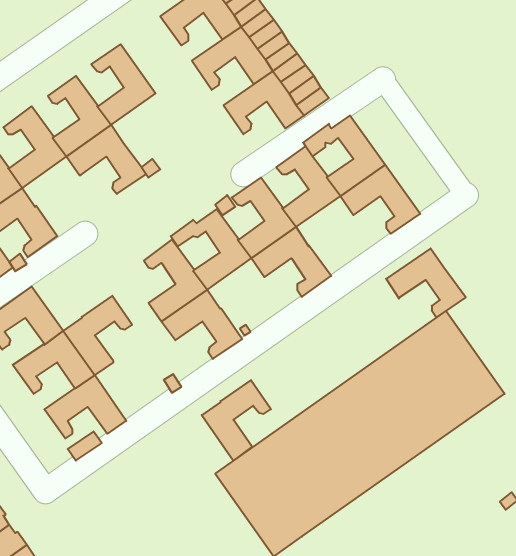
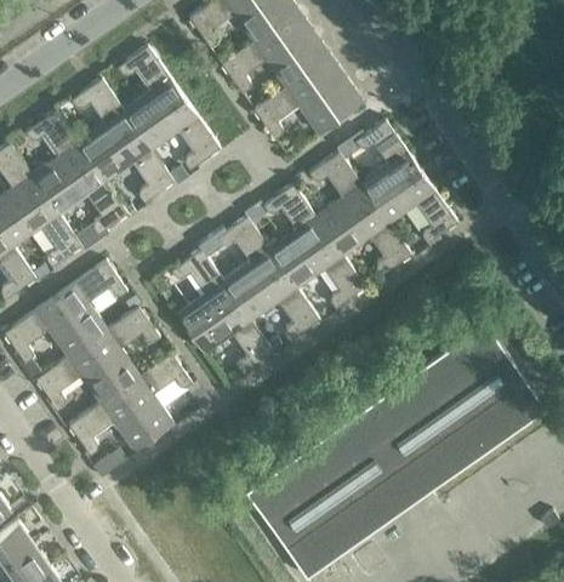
building: none -> [138,98,221,171]
building: none -> [46,164,129,235]
building: [386,248,466,317] -> [330,205,412,276]
building: none -> [56,262,129,344]
building: none -> [238,269,320,342]
building: [202,380,271,461] -> [121,354,193,438]

